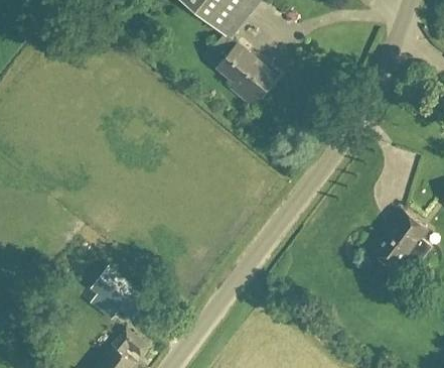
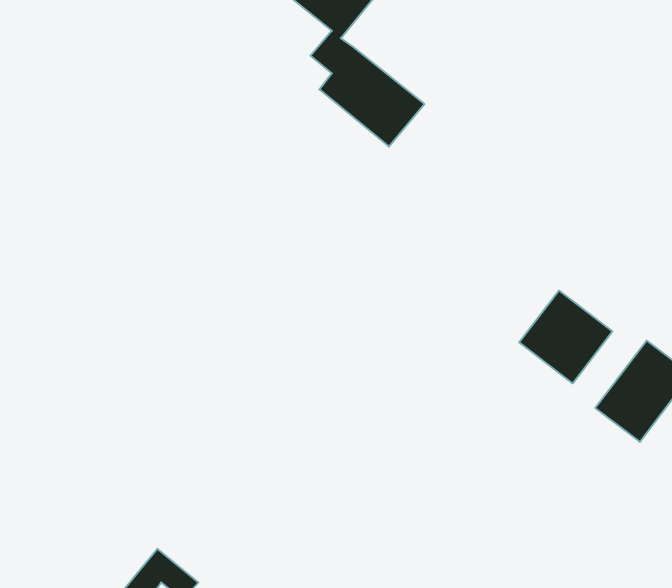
building: none -> [519,291,612,383]
building: [90,267,150,323] -> none

